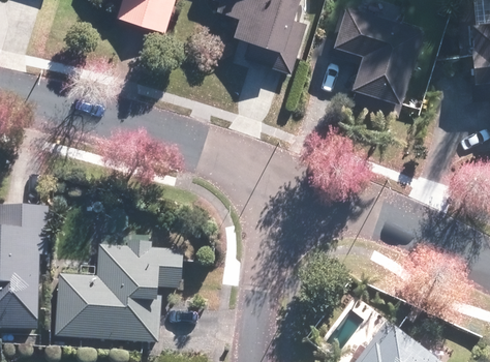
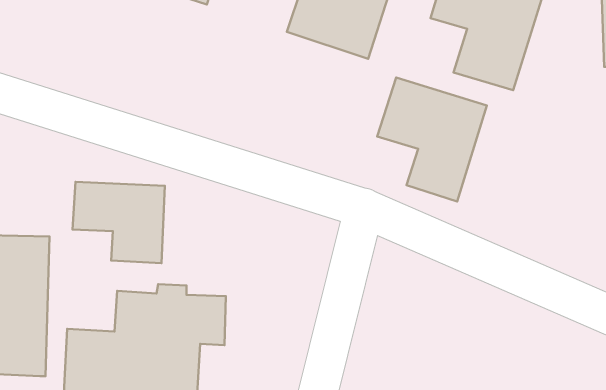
building: none -> [377,77,487,201]
building: none -> [73,182,165,263]

